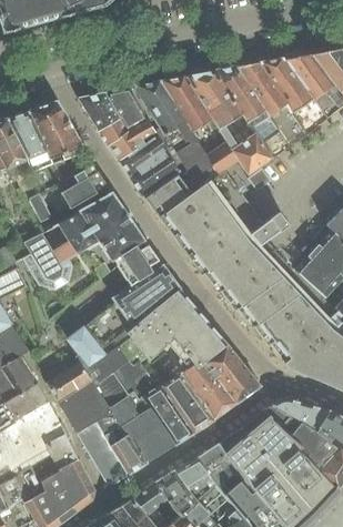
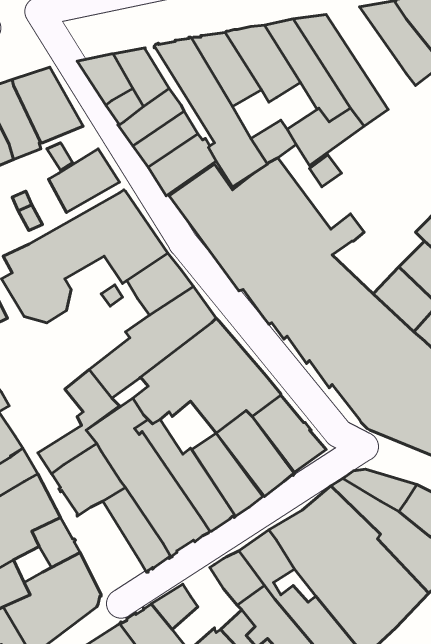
building: [260,59,325,134] -> none
building: [77,422,128,483] -> none
building: [154,469,198,518] -> none

